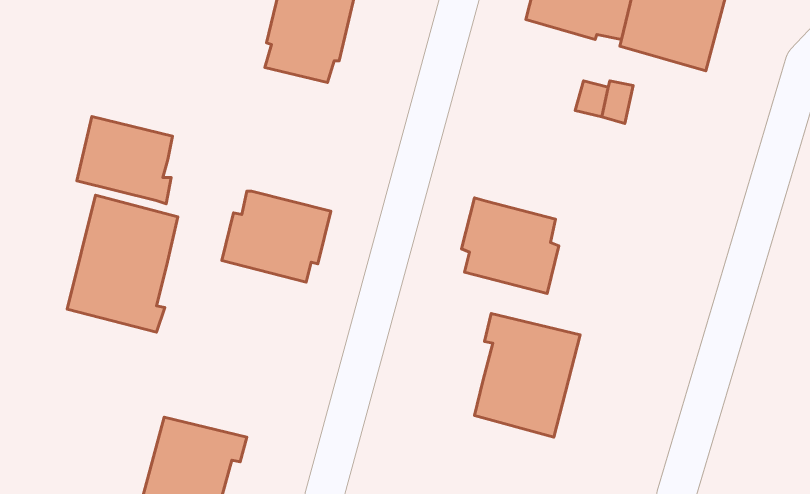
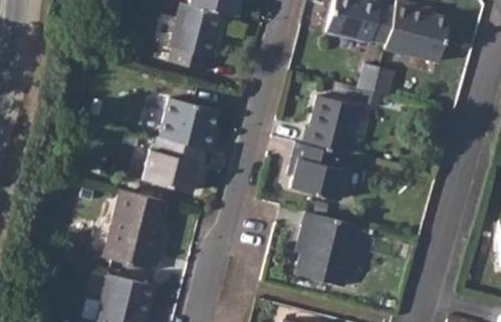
building: [77,116,173,204] -> [159,97,217,150]
building: none -> [301,95,358,154]
building: [67,195,178,332] -> [101,188,169,271]

